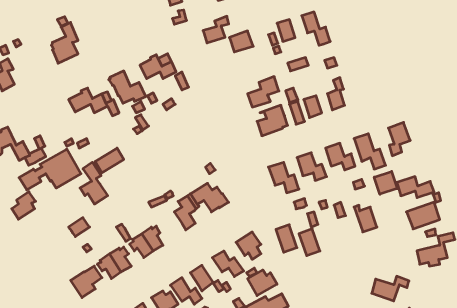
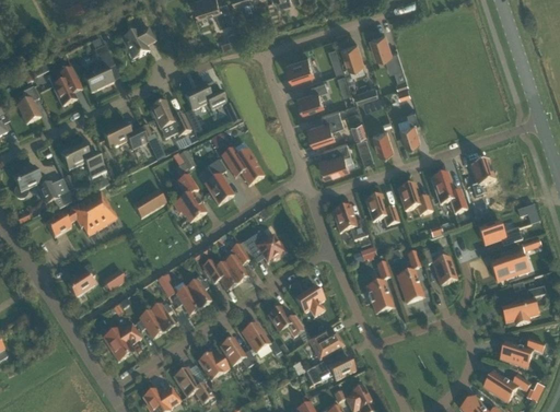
building: none -> [120,27,154,60]
building: [203,16,229,43] -> [298,79,327,109]
building: none -> [47,68,80,106]
building: none -> [221,142,262,185]
building: none -> [59,143,105,178]
building: none -> [205,160,232,204]
building: [80,162,108,204] -> [173,174,205,222]
building: [374,171,397,194] -> none
building: [12,192,36,219] -> [67,264,94,296]
building: none -> [201,259,236,291]
building: [276,225,297,252] -> [397,271,421,303]
building: [372,276,409,301] -> [501,339,544,367]

